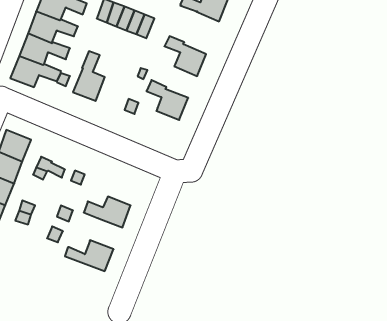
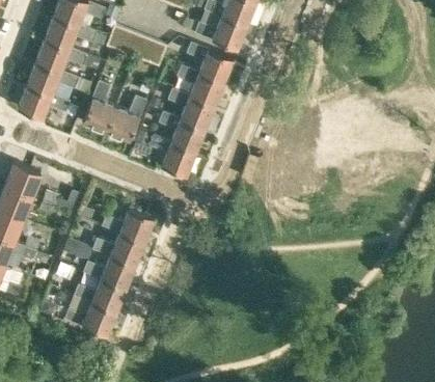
building: none -> [188,42,233,84]
building: none -> [170,88,213,130]
building: none -> [107,96,147,142]
building: none -> [152,134,194,175]
building: none -> [104,209,154,242]
building: none -> [84,255,135,288]
building: none -> [65,301,116,335]

